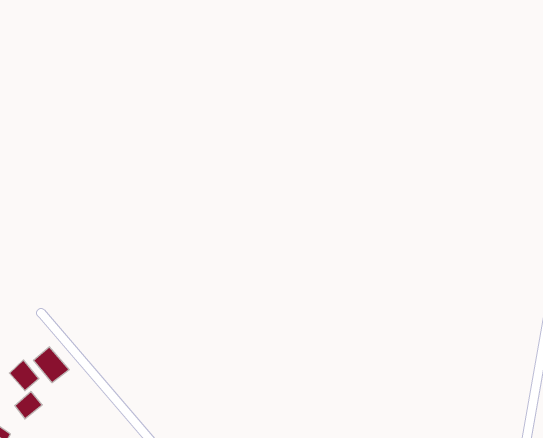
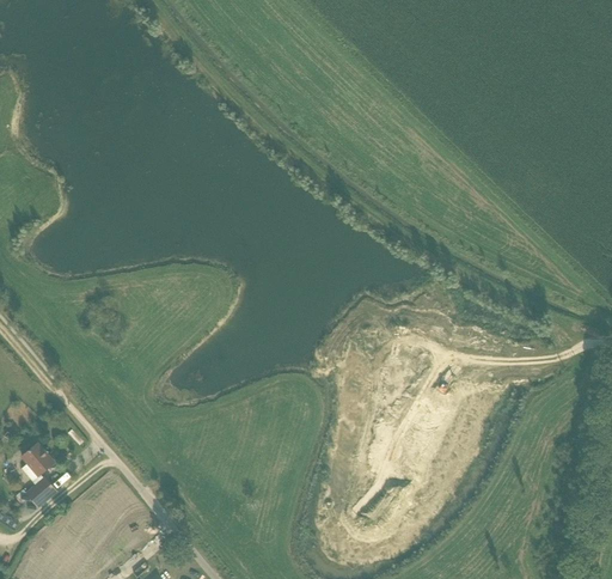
building: [34,347,69,383] -> none

